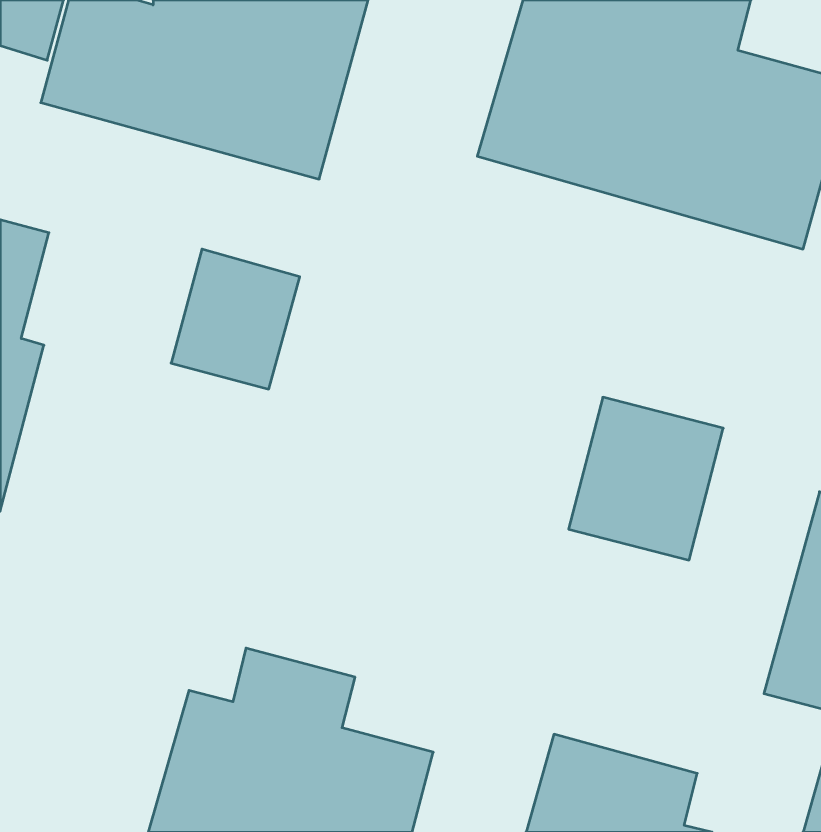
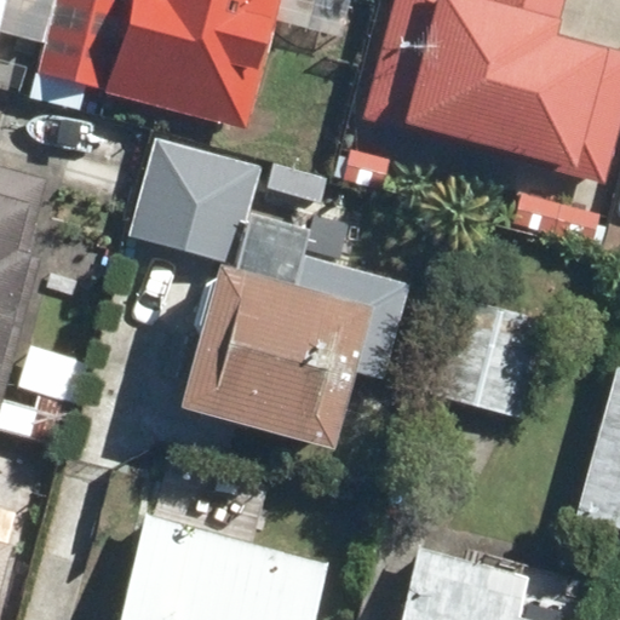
building: none -> [178,262,373,447]

